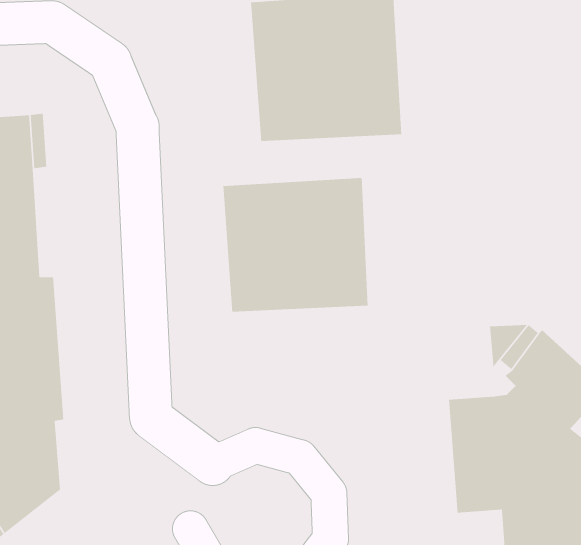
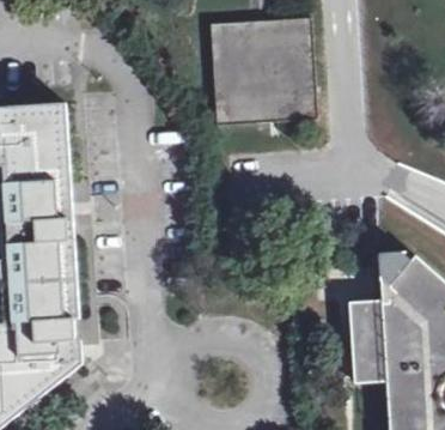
building: [222,177,368,313] -> none

